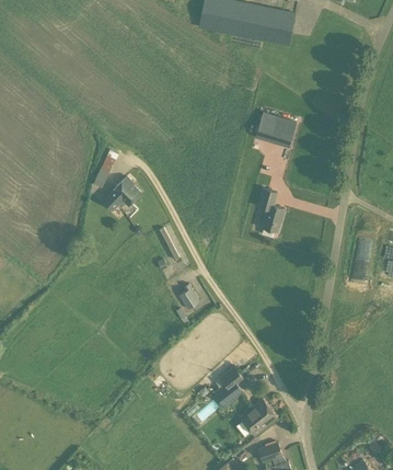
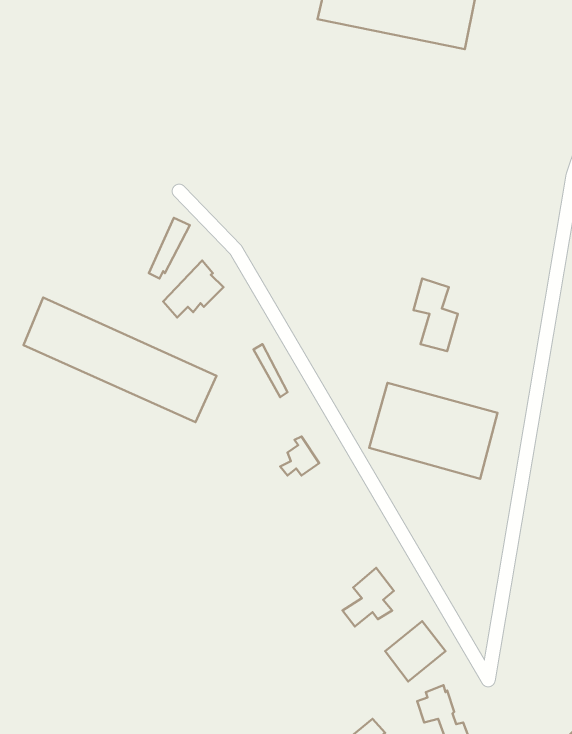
building: [254,111,294,147] -> none
building: none -> [24,297,217,422]
building: none -> [369,383,497,479]

